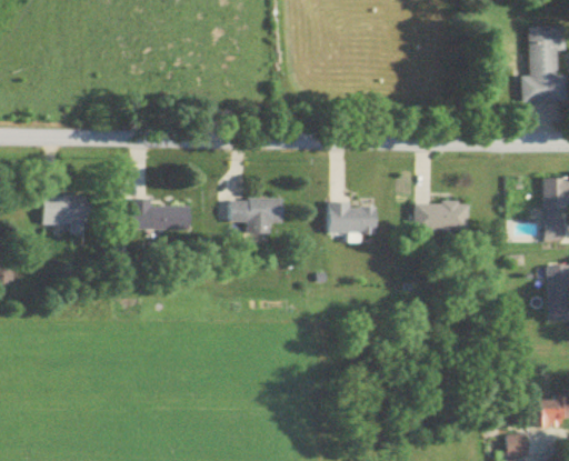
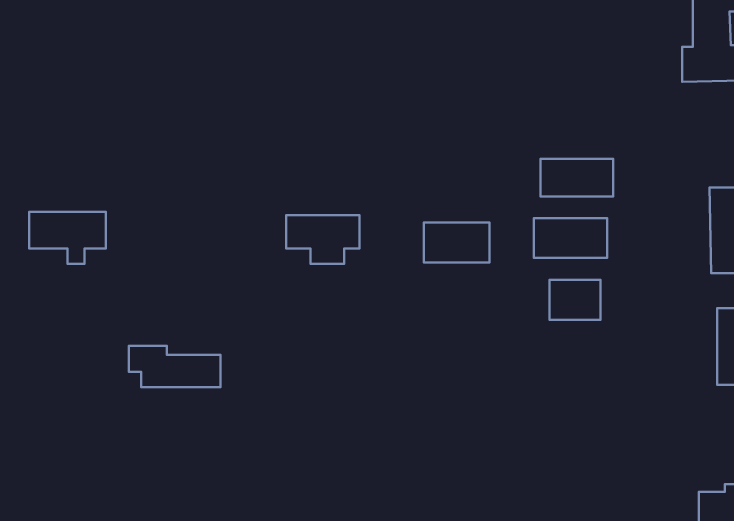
building: none -> [541,159,613,196]
building: [127,200,193,230] -> [129,346,220,387]
building: none -> [549,280,600,320]

